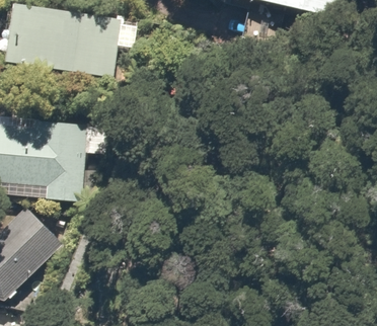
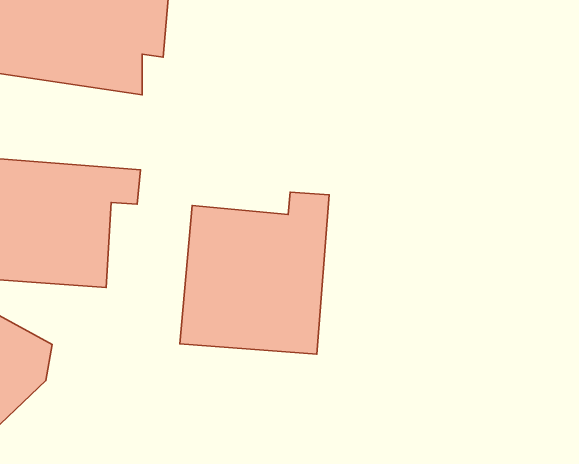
building: none -> [180,192,329,354]

